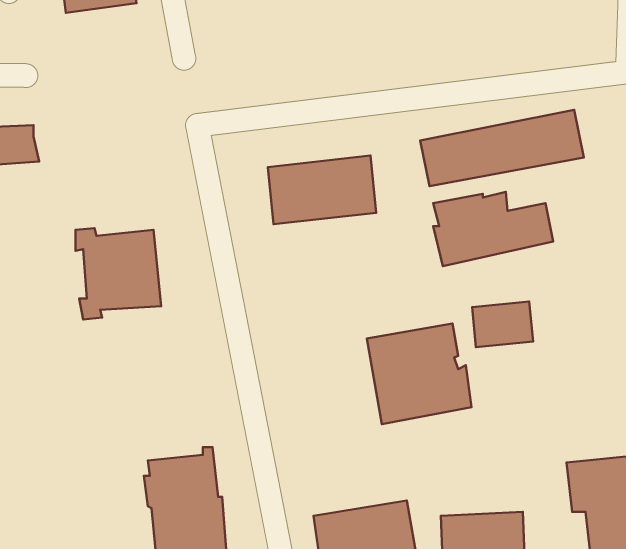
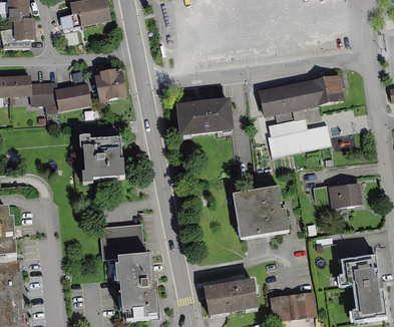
building: none -> [96,69,128,100]
building: none -> [56,83,90,109]
building: [472,301,533,347] -> [330,184,362,208]
building: none -> [99,223,145,260]

